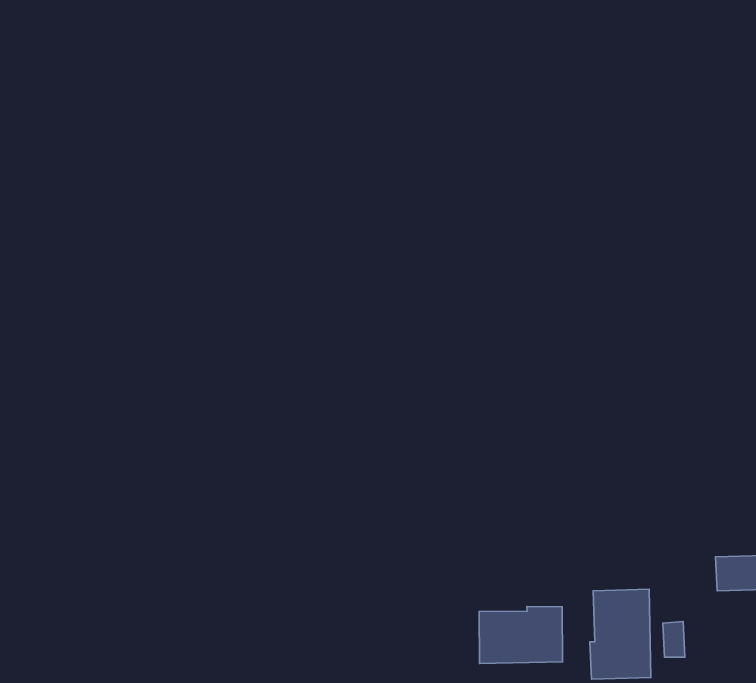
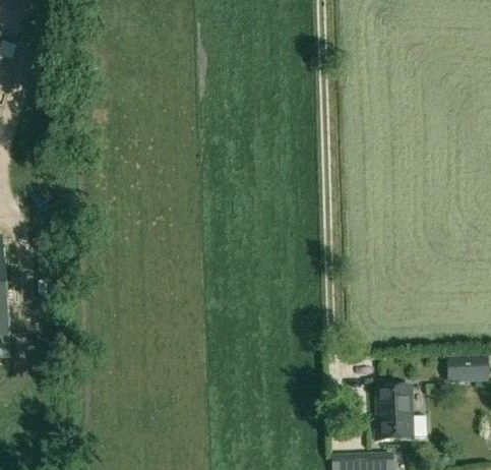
building: [479,607,563,663] -> none

